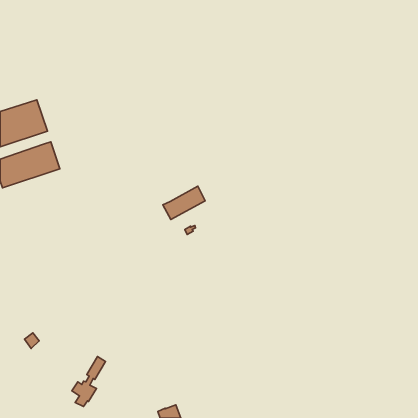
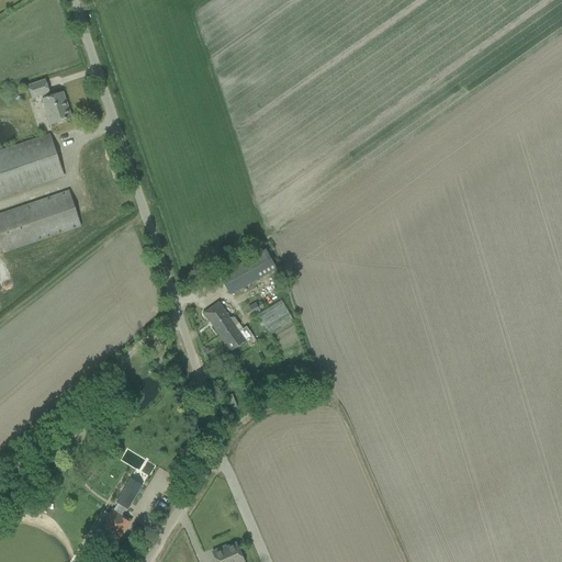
building: none -> [27,79,71,123]
building: none -> [258,300,292,331]
building: none -> [203,302,252,351]

